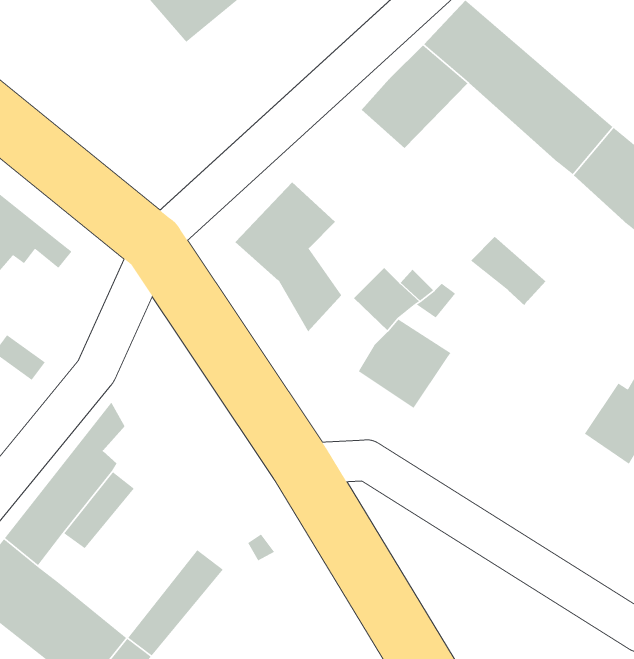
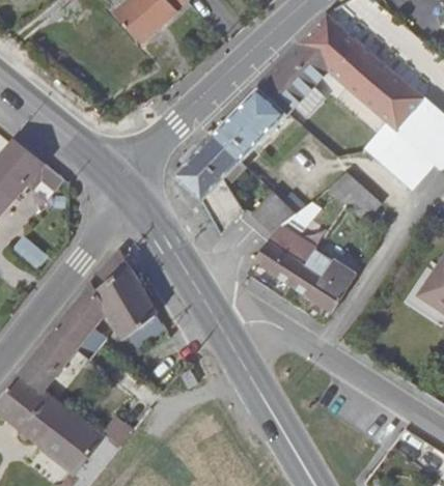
building: none -> [212,87,286,162]
building: none -> [367,122,435,189]
building: none -> [86,249,166,351]
building: none -> [293,252,357,313]

